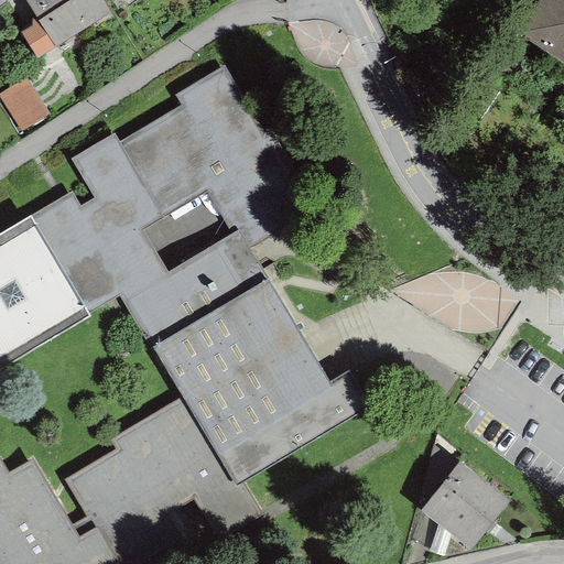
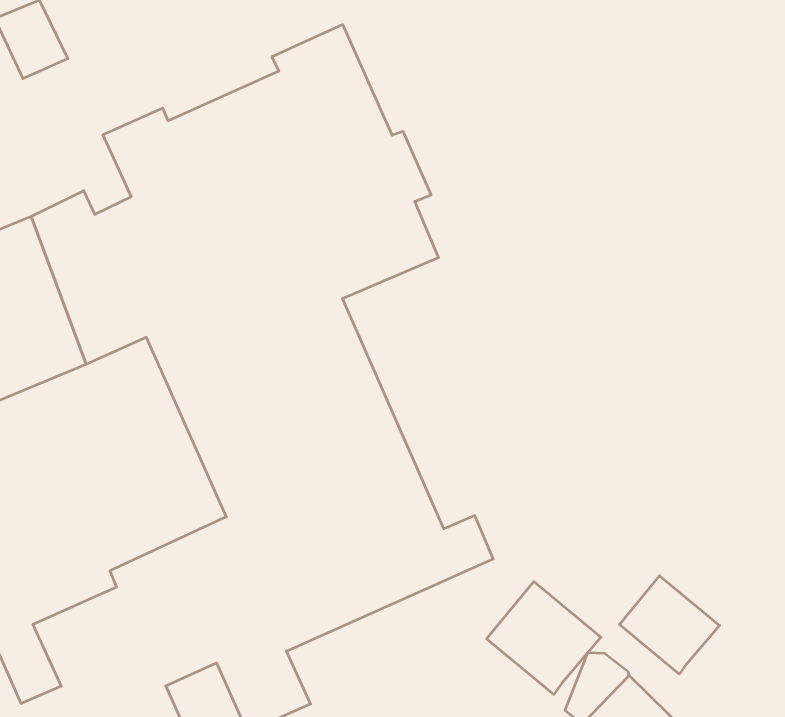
building: none -> [619,576,720,674]
building: none -> [487,582,601,694]

